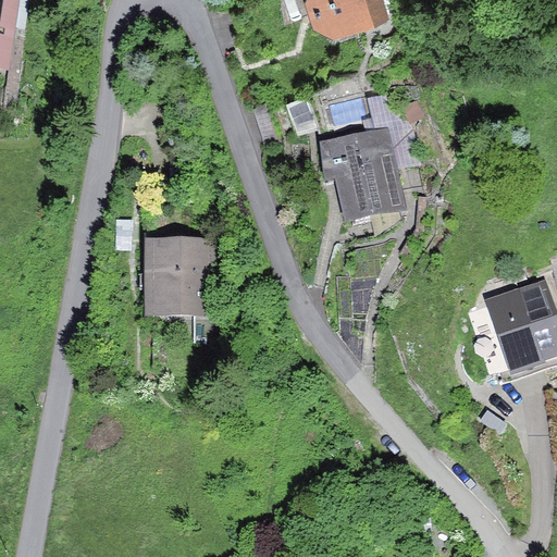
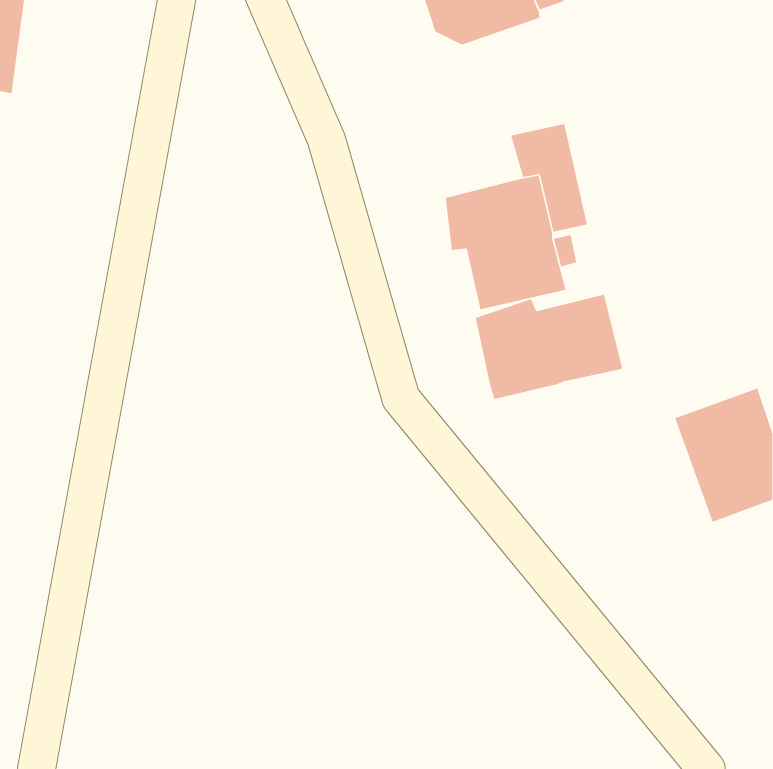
building: none -> [475,294,623,400]
building: [144,240,216,317] -> none

